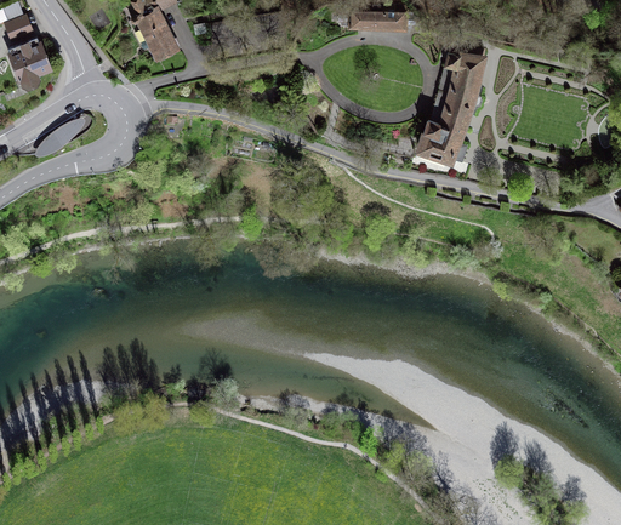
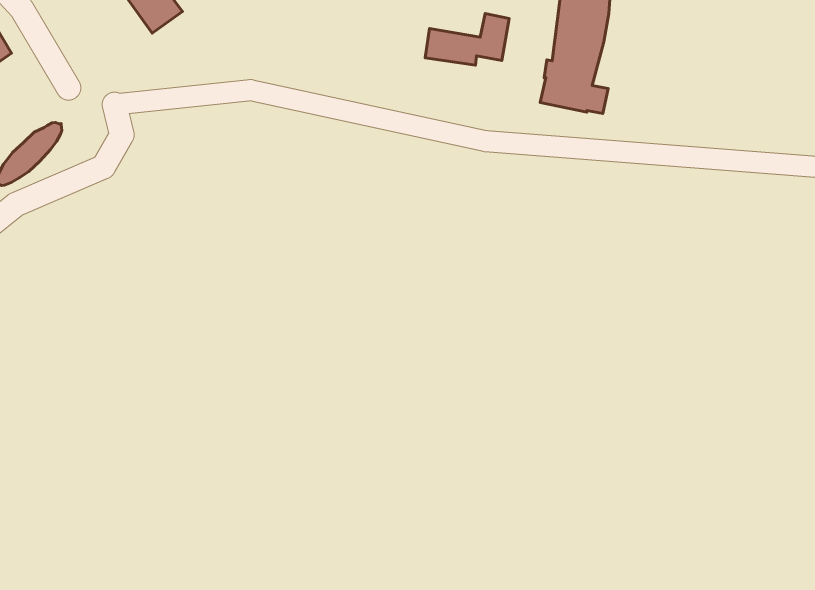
building: none -> [425,14,509,65]

